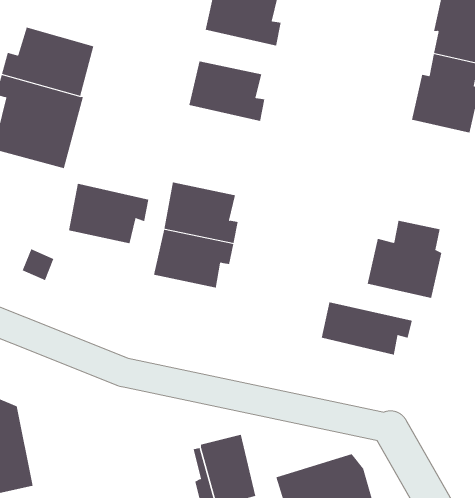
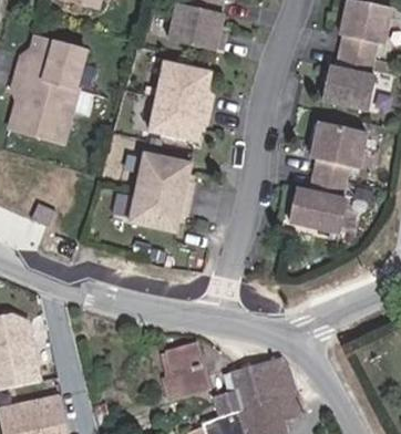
building: none -> [310,127,362,187]
building: [68,183,149,244] -> [148,94,209,140]
building: [321,301,413,356] -> none

